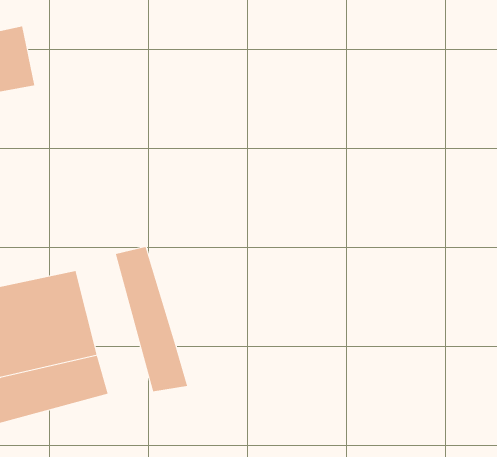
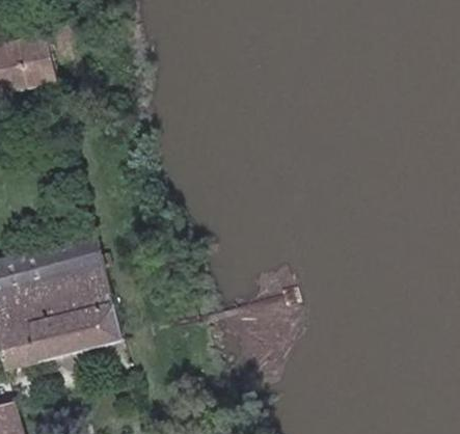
building: [115,246,188,392] -> none

